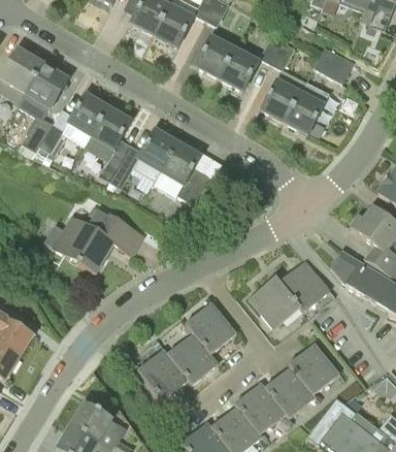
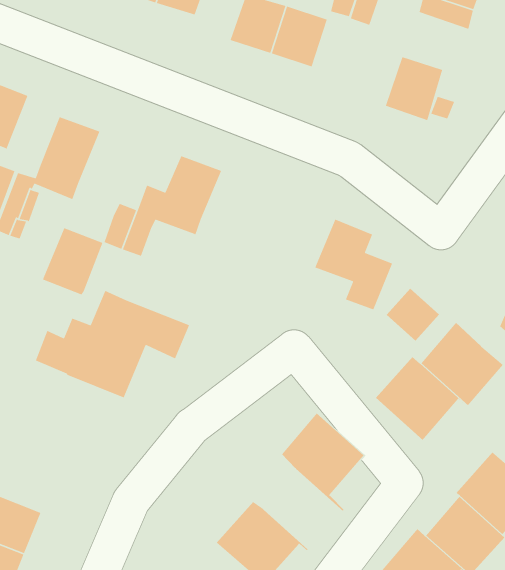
building: [261,80,299,121] -> none
building: [90,107,131,151] -> [42,227,104,295]
building: [161,143,209,203] -> [314,219,393,310]
building: none -> [386,288,440,342]
building: [168,332,218,383] -> none

